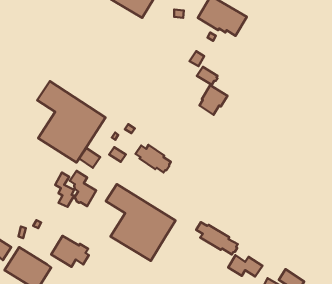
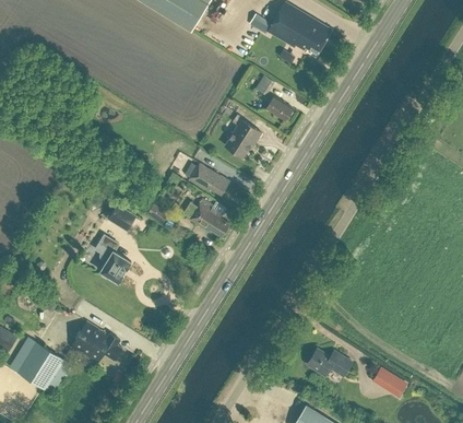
building: [37,81,106,162] -> none
building: [200,85,227,115] -> [225,118,262,157]
building: none -> [189,163,229,195]
building: [106,184,176,261] -> none
building: [196,222,238,255] -> none

